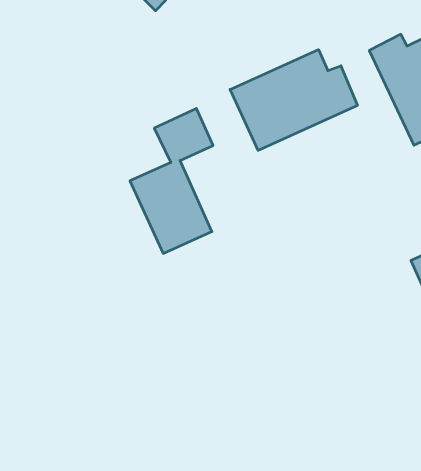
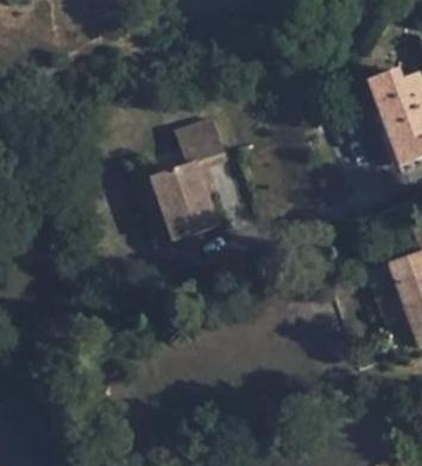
building: [230,50,357,150] -> none

